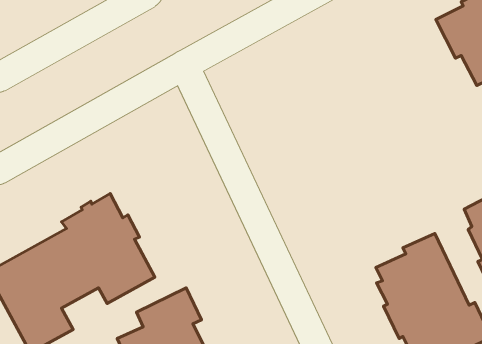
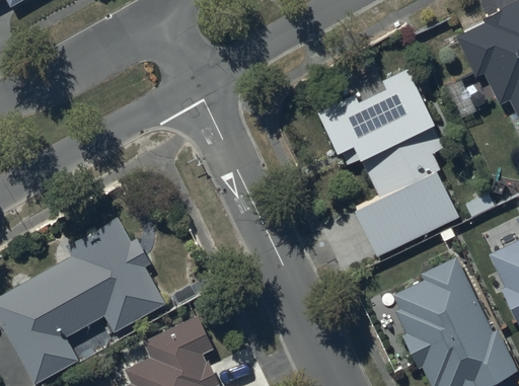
building: none -> [317,69,458,256]

